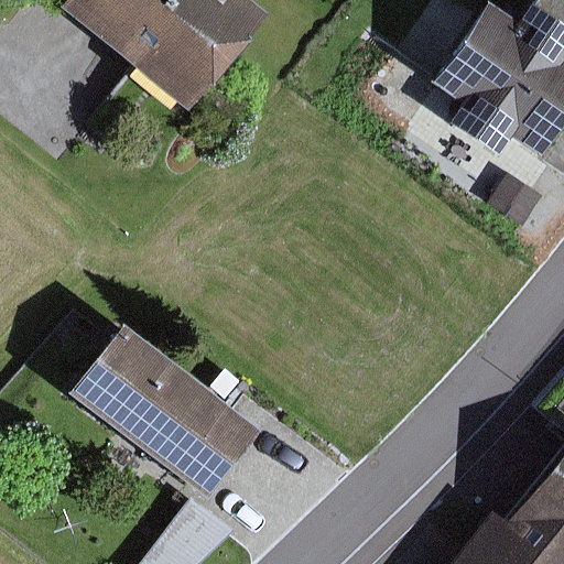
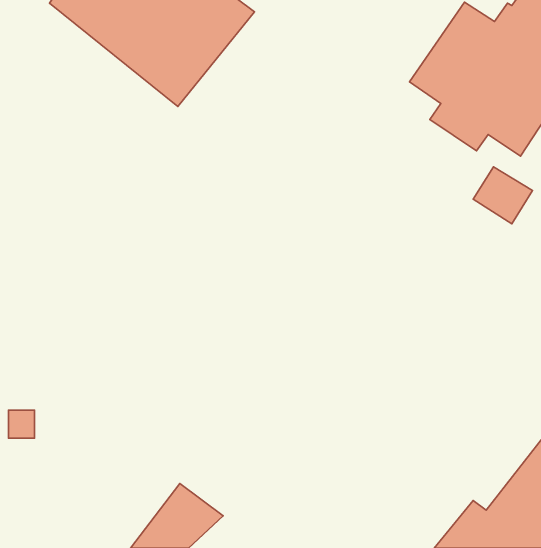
building: [67,325,258,498] -> none

